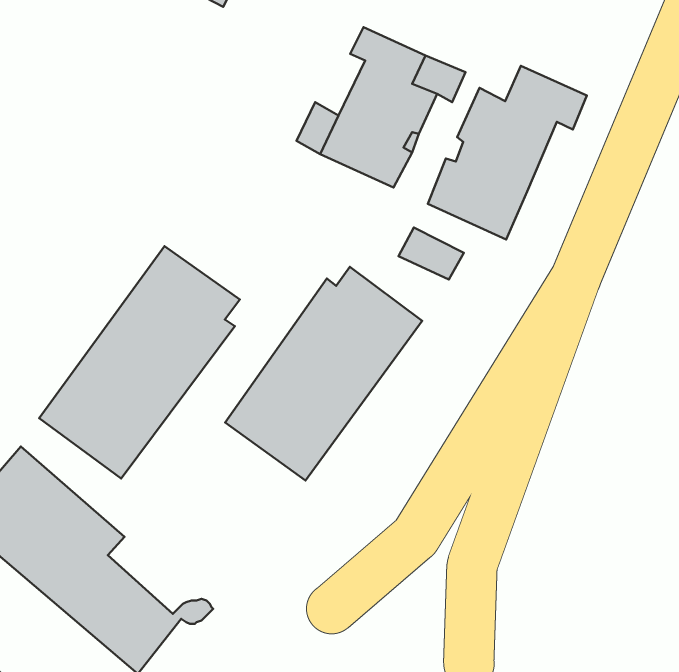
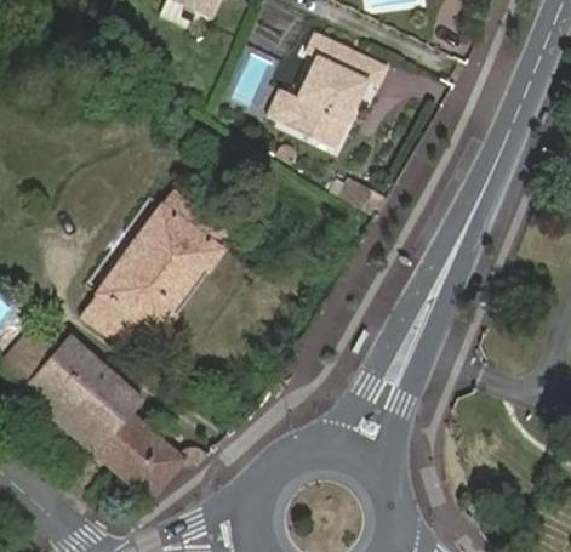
building: [428,66,587,239] -> none
building: [225,267,422,481] -> none

